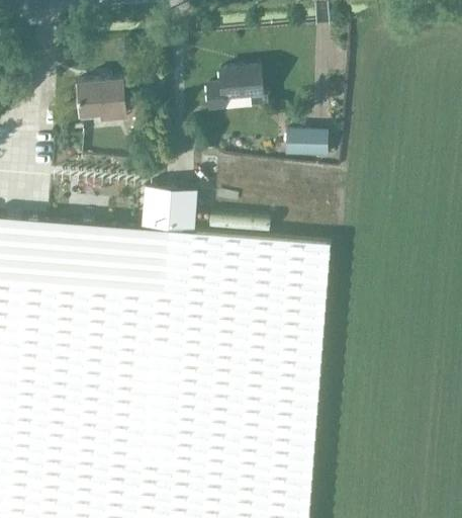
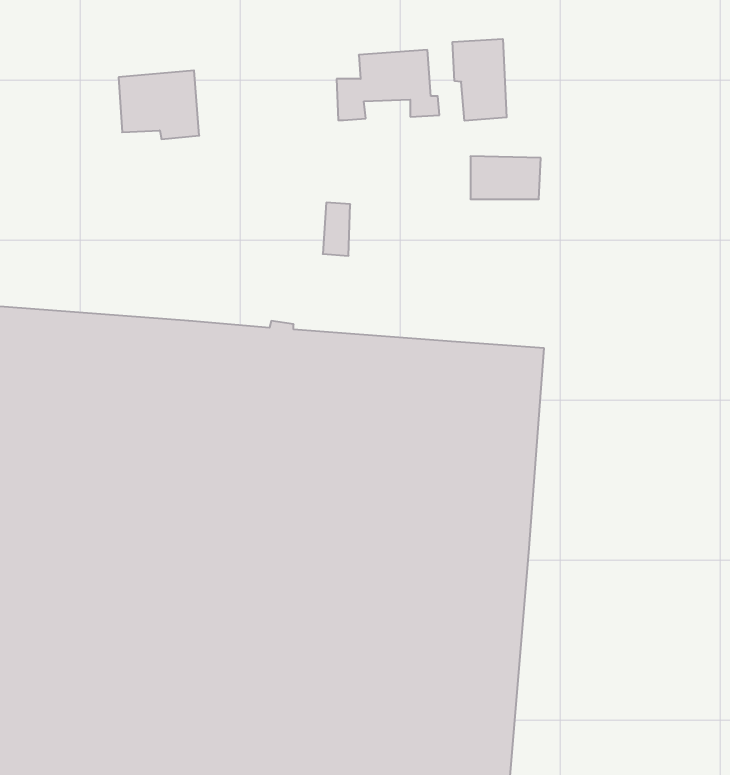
building: none -> [453,39,507,121]
building: [143,187,197,229] -> none

